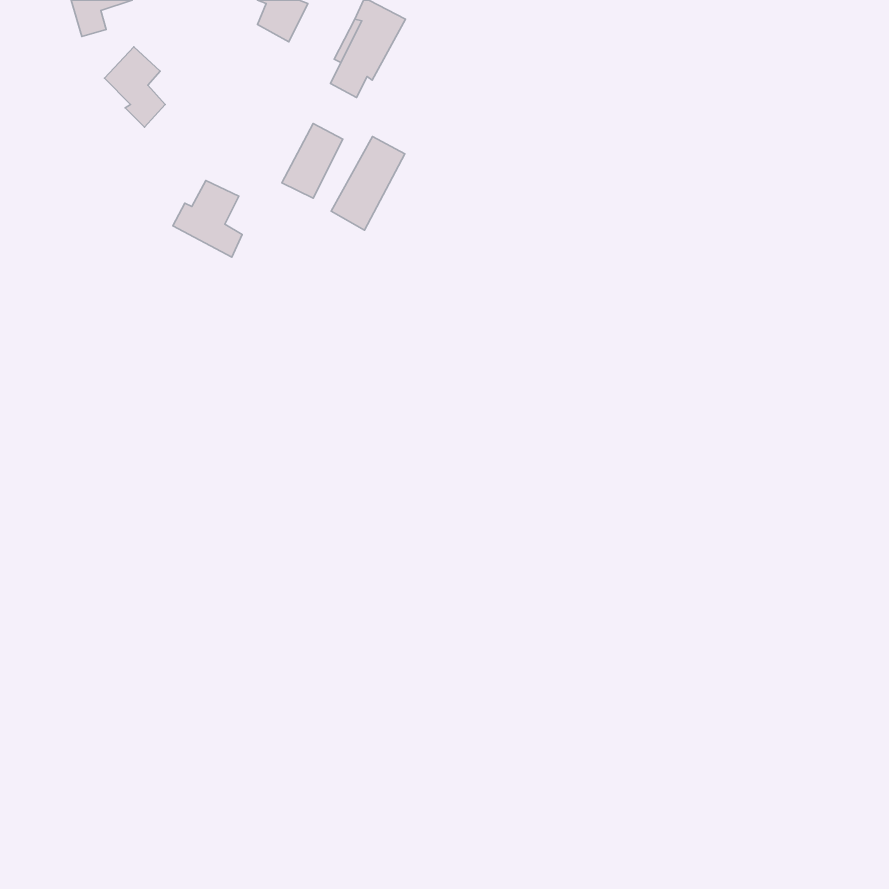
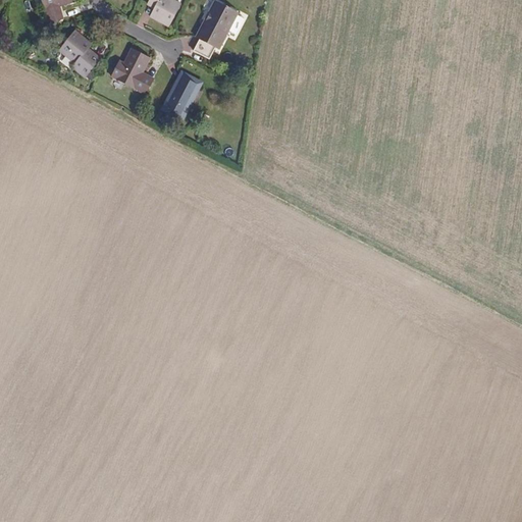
building: [331,137,405,230] -> none
building: [173,181,242,257] -> [112,48,153,93]

